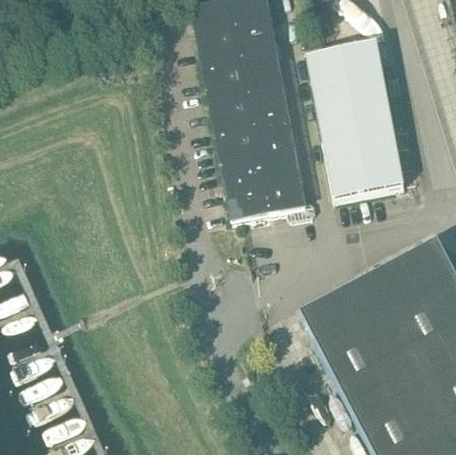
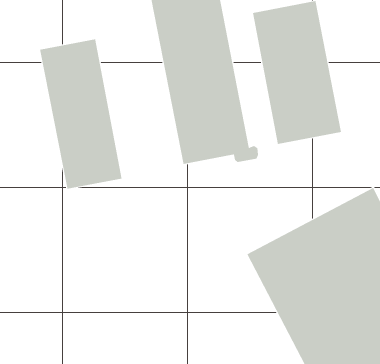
building: none -> [40,38,122,190]

